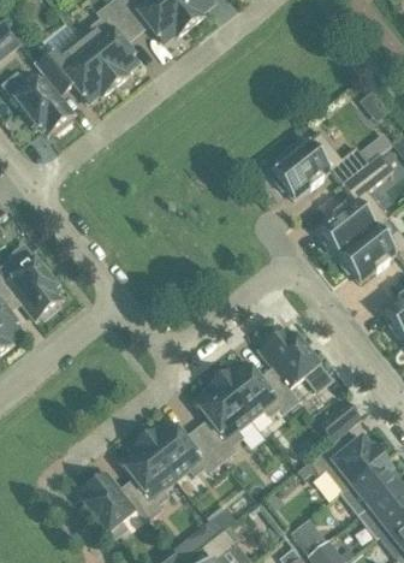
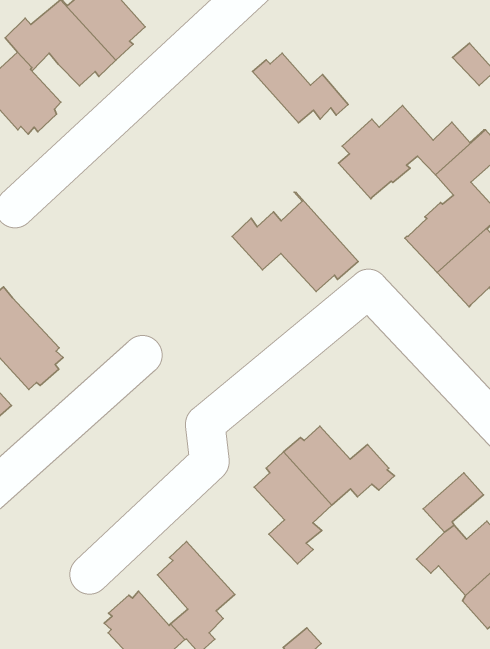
building: none -> [252,53,348,123]
building: none -> [232,192,358,292]
building: [260,326,331,392] -> none
building: [143,417,222,476] -> none

